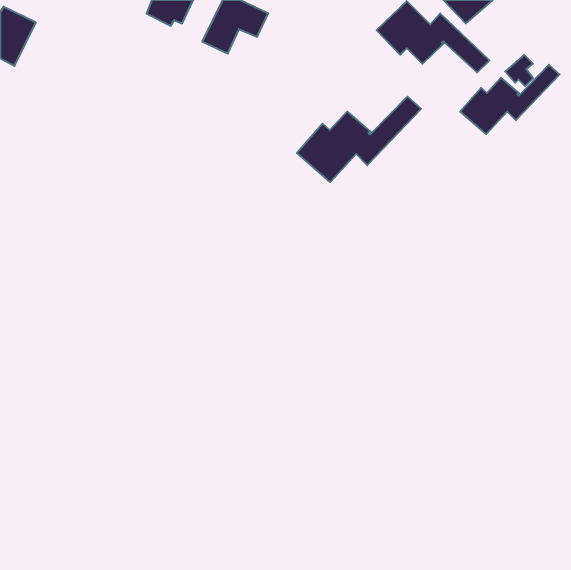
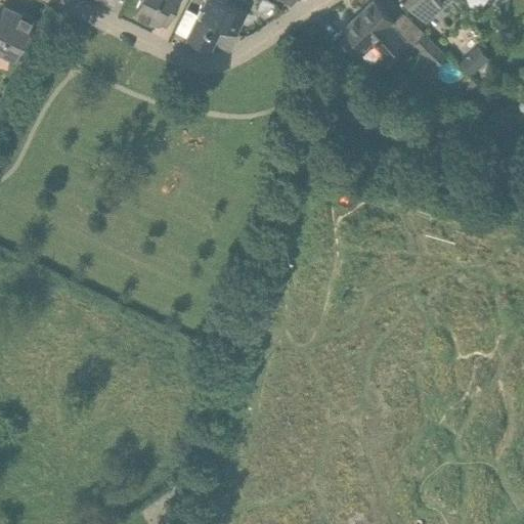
building: [460,65,560,134] -> none
building: [297,97,421,182] -> none

